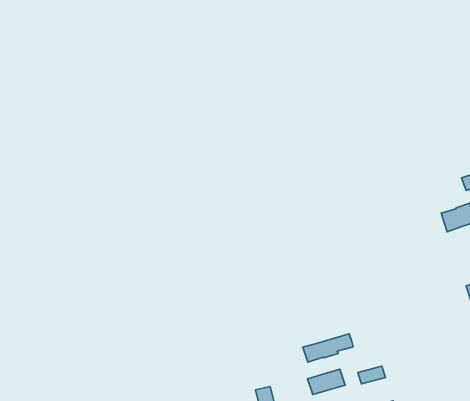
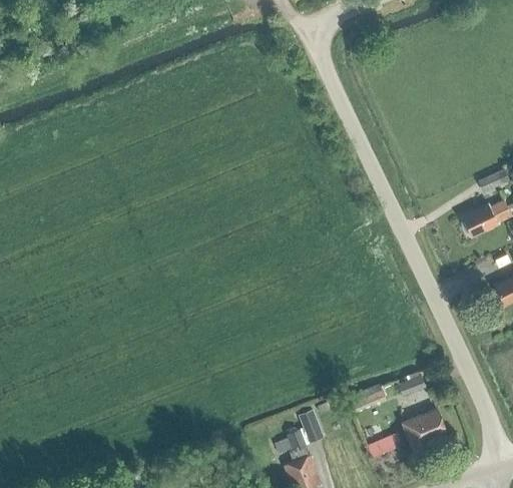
building: [303,334,353,362] -> none

